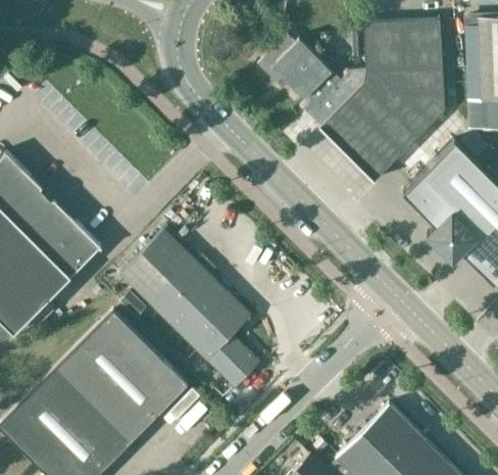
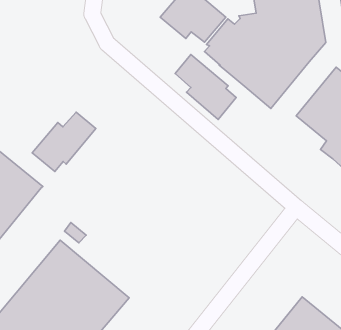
building: none -> [175,55,236,119]
building: none -> [32,112,96,172]
building: [120,230,259,389] -> none

